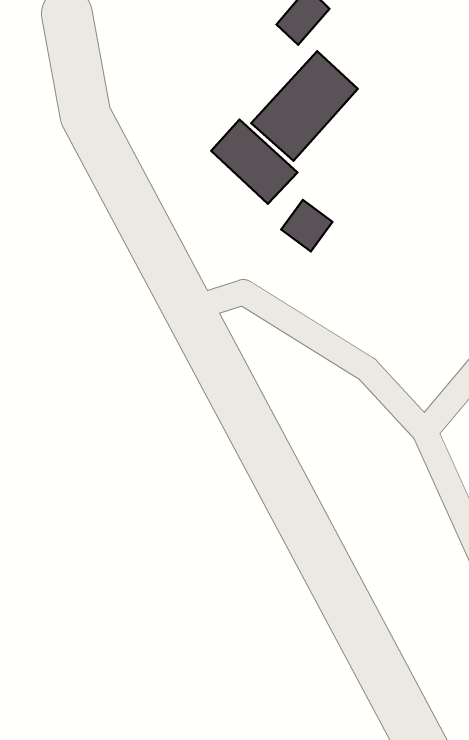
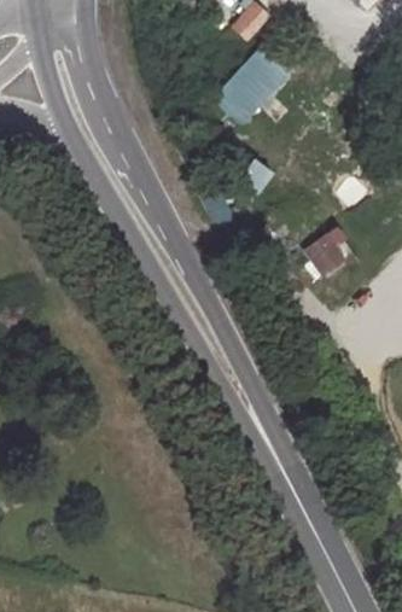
building: [211,119,297,204] -> none
building: none -> [299,226,354,279]

